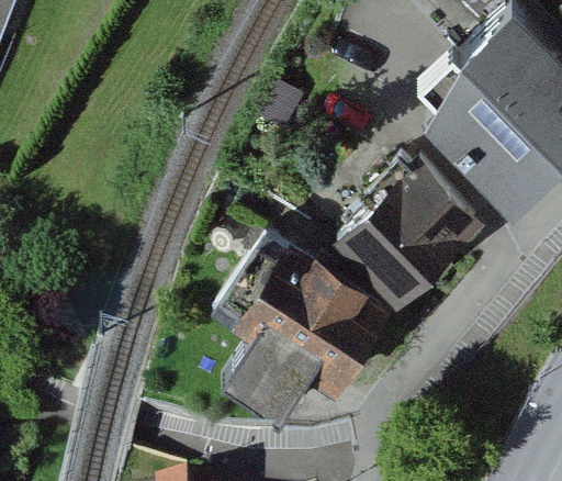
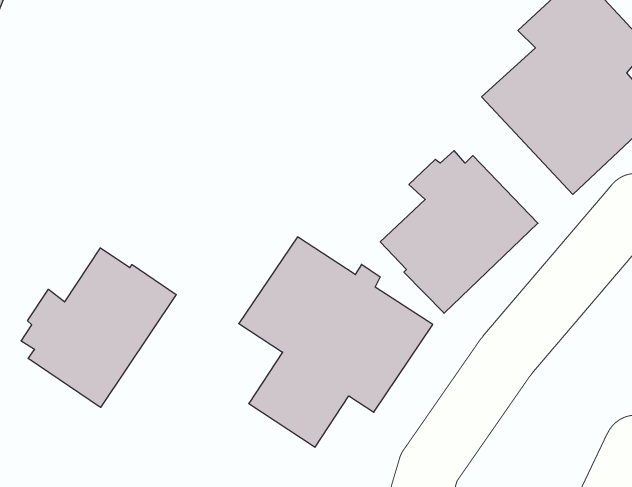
building: none -> [21,248,176,407]

